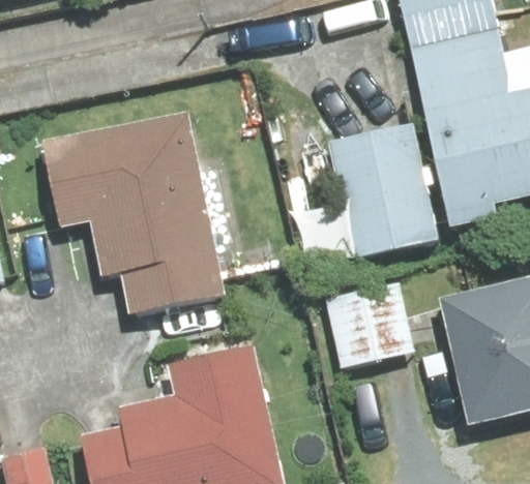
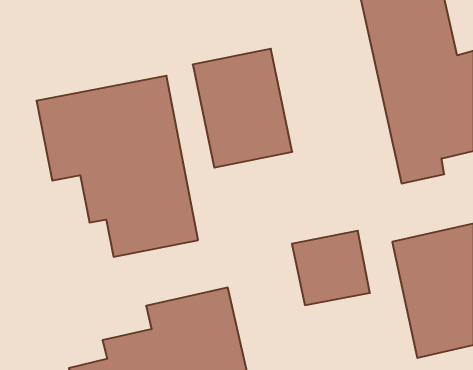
building: [328,126,439,259] -> [193,49,292,168]

